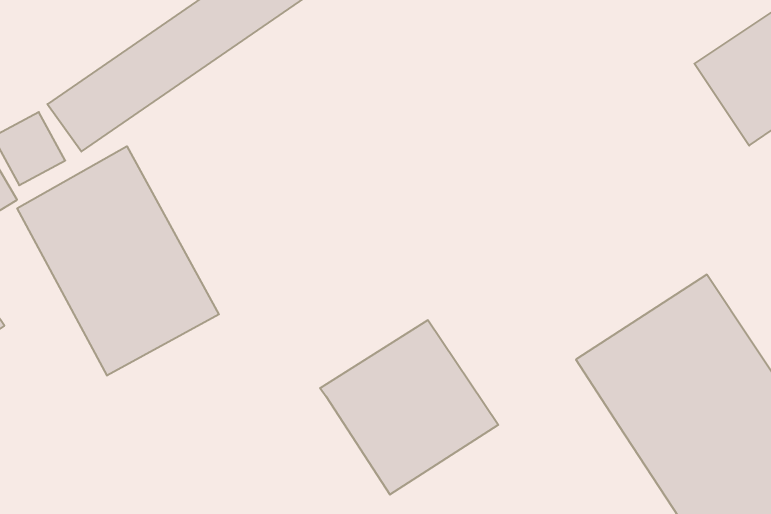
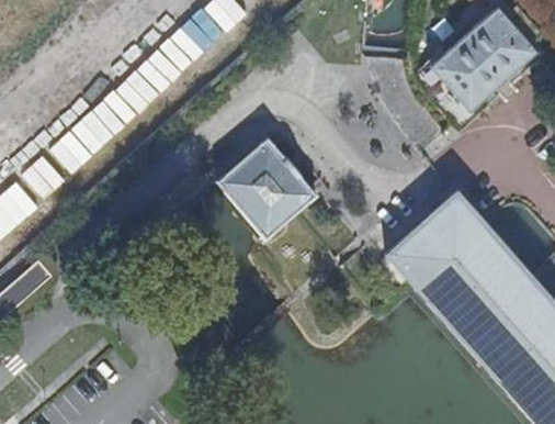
building: [17,146,219,376] -> none
building: [320,320,498,495] -> [208,137,317,244]

